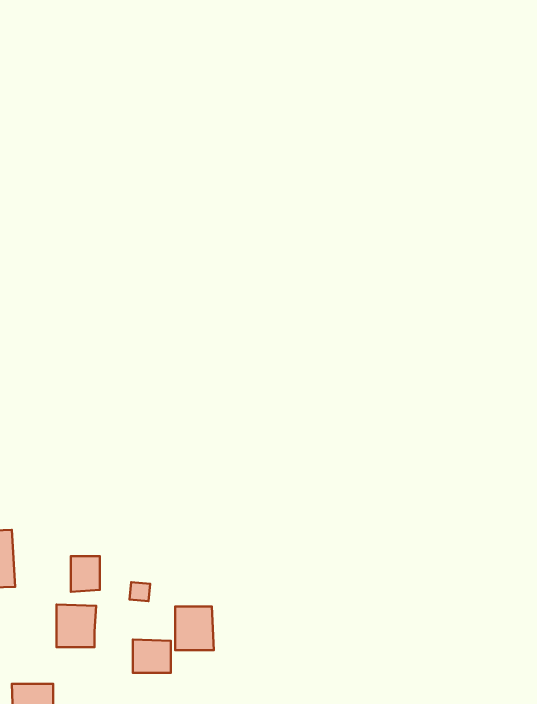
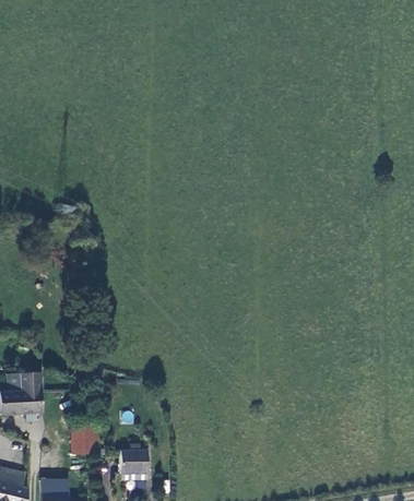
building: [71,556,100,592] -> none
building: [175,607,214,650] -> none

